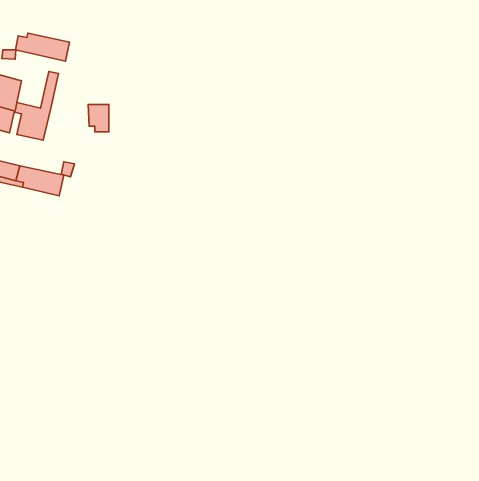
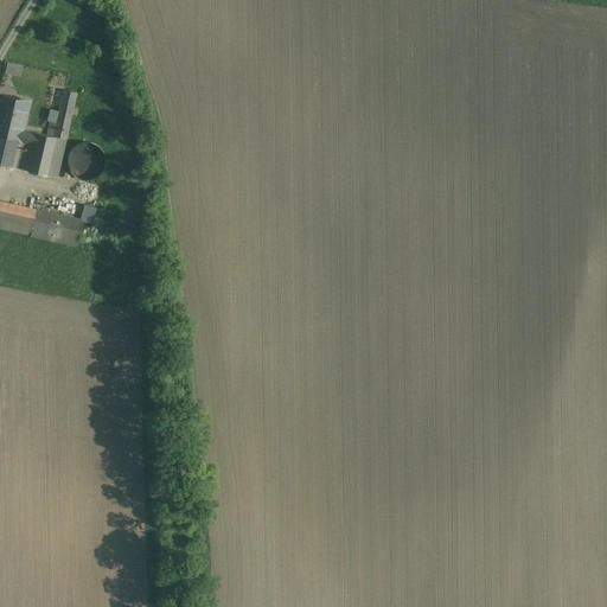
building: [15,33,69,61] -> none
building: [88,104,109,132] -> [72,143,98,178]

